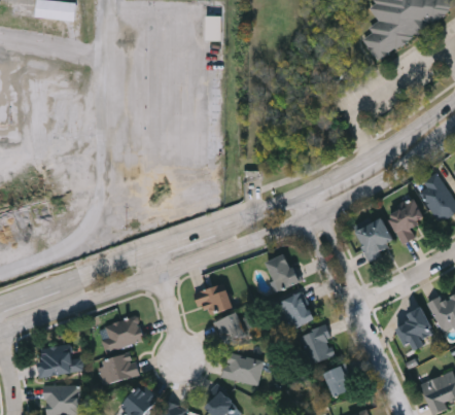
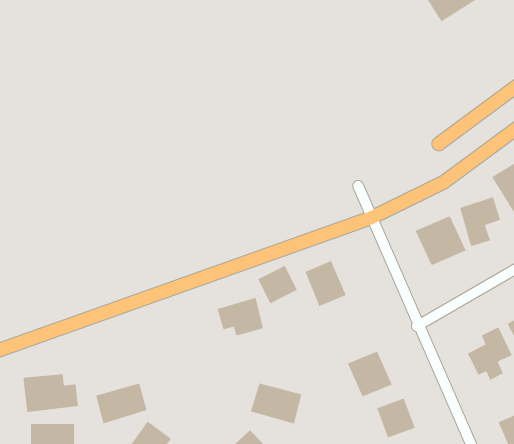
building: [277,291,313,330] -> none
building: [213,312,246,344] -> [257,265,298,304]
building: [98,316,144,352] -> none

